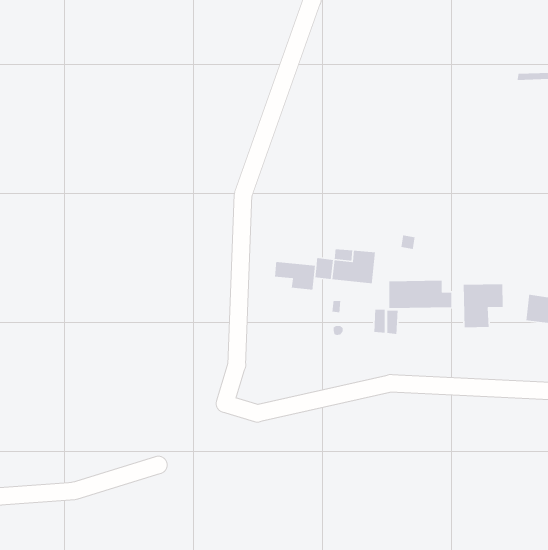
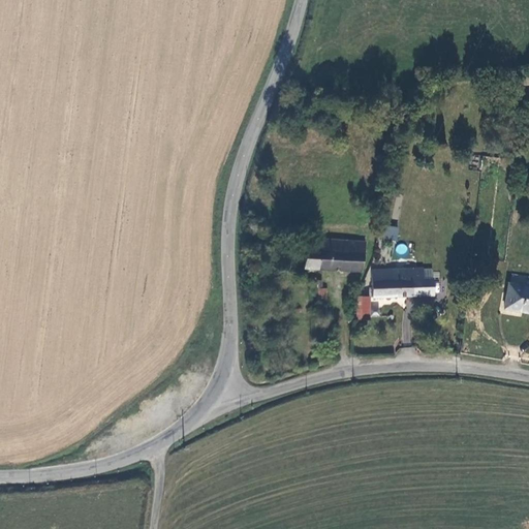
building: [274,261,316,291] -> none
building: [463,283,503,328] -> none

